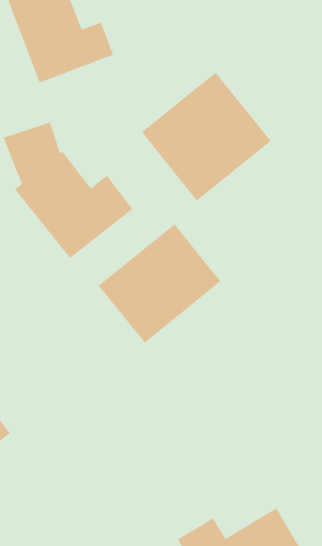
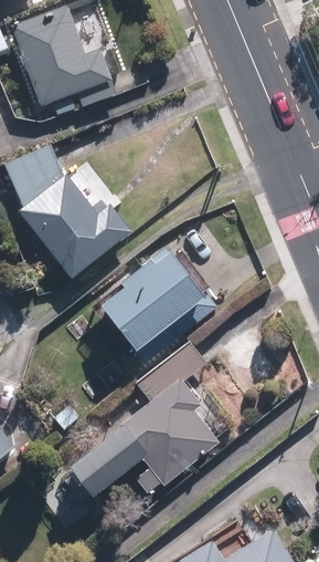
building: [141,72,271,201] -> none
building: none -> [66,379,225,499]

